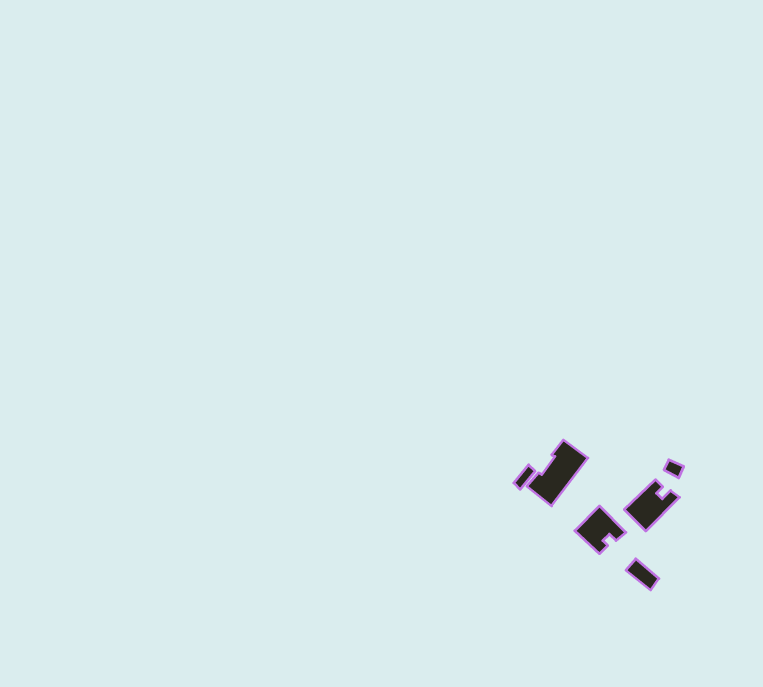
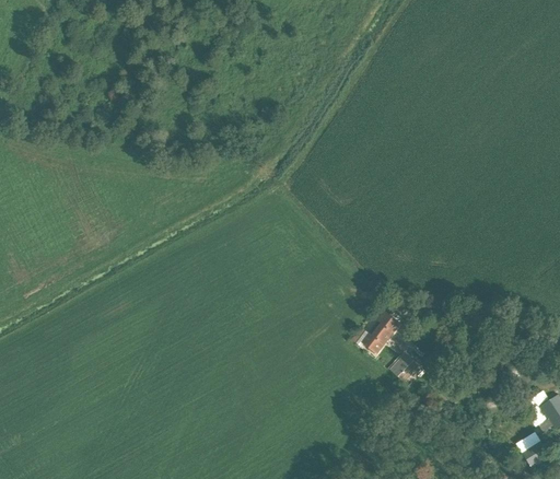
building: [624,480,680,531] -> none

